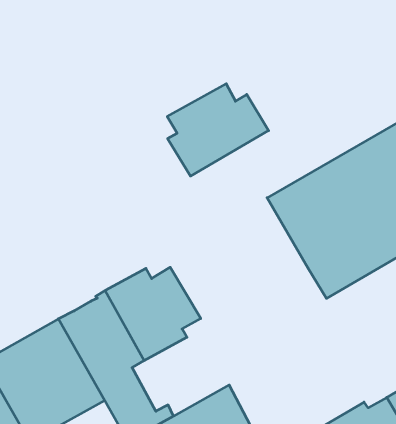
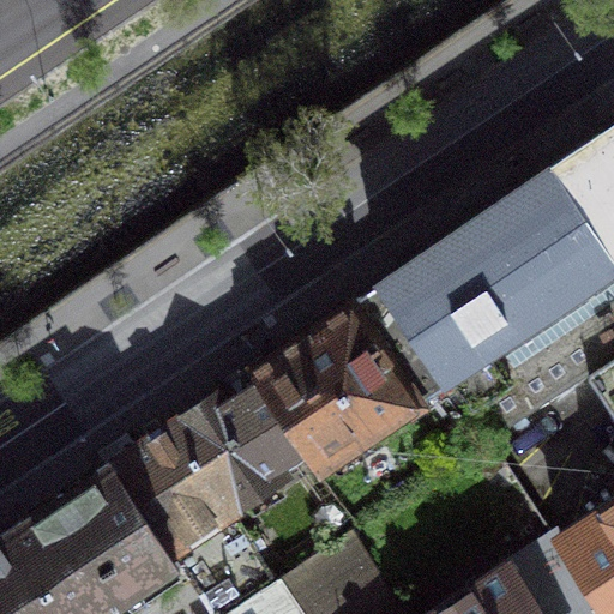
building: [167,84,269,176] -> none
building: none -> [248,282,441,474]

